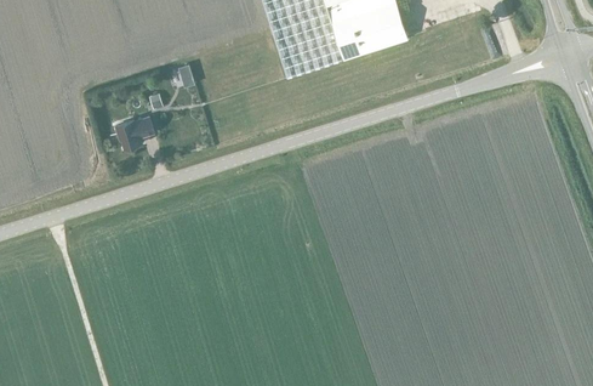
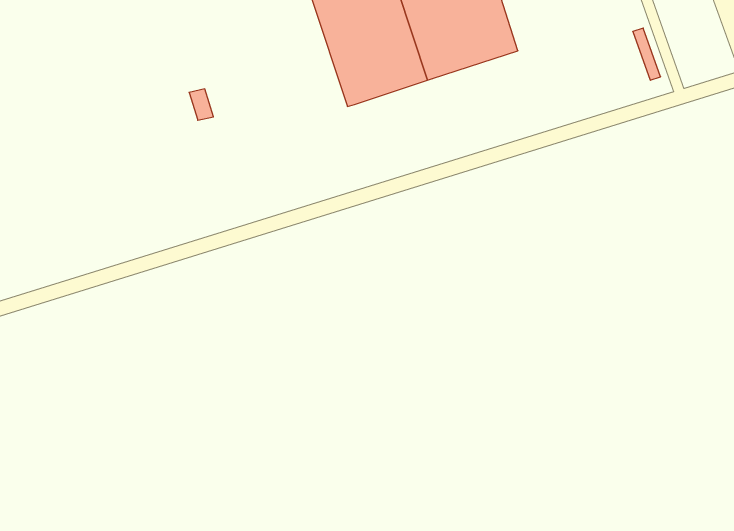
building: [115,118,154,149] -> none

